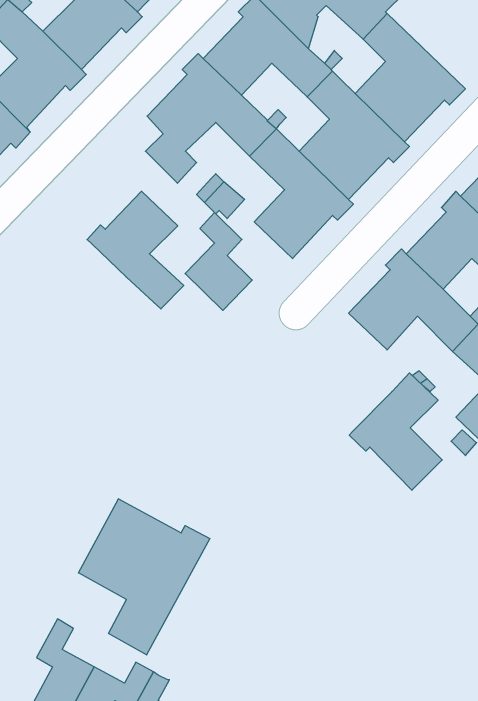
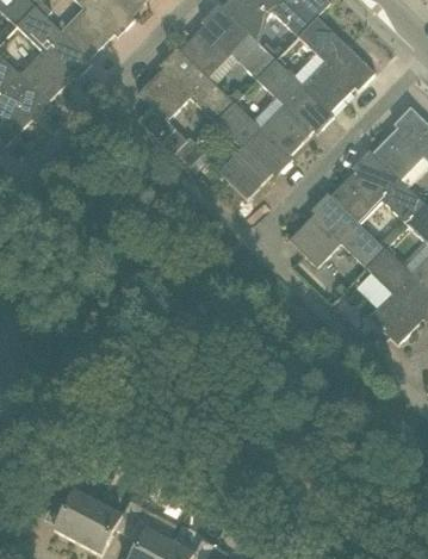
building: [87,191,184,309] -> none
building: [185,213,252,310] -> none
building: [349,373,442,490] -> none
building: [78,499,210,655] -> none

